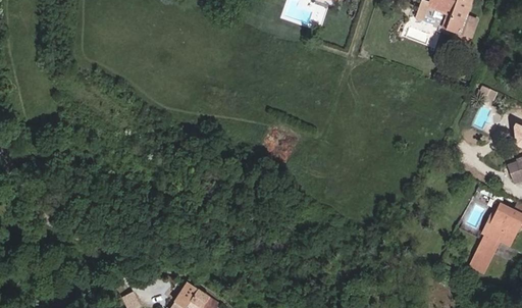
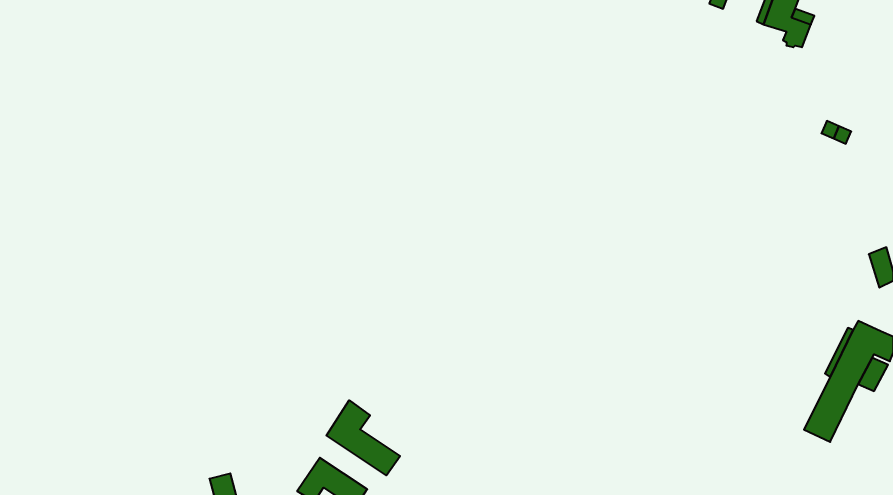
building: none -> [326,400,400,475]

